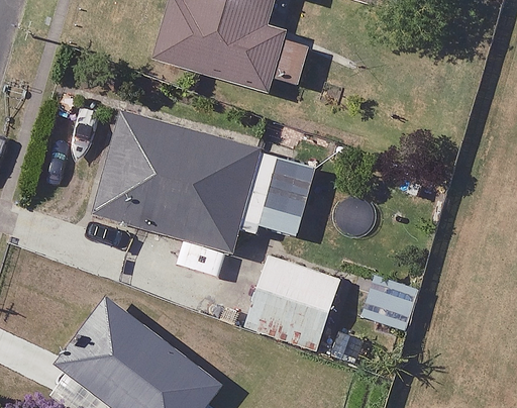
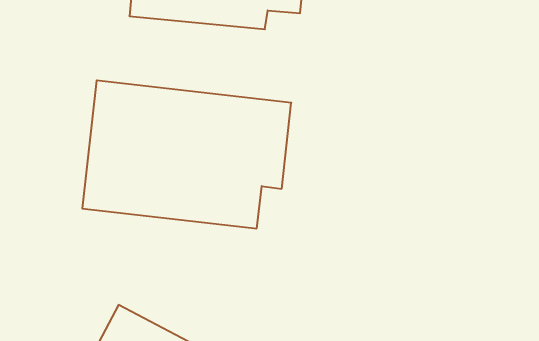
building: [243,254,341,350] -> none

